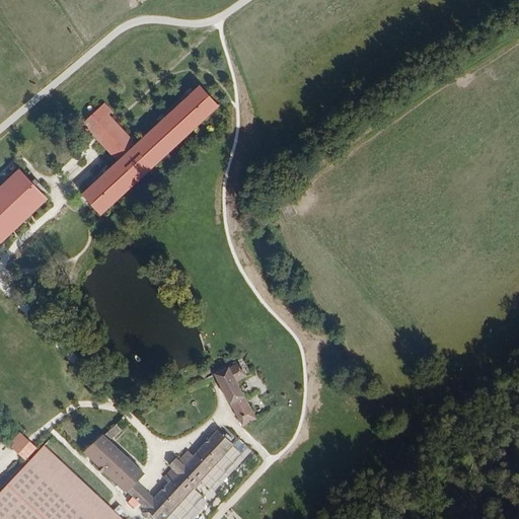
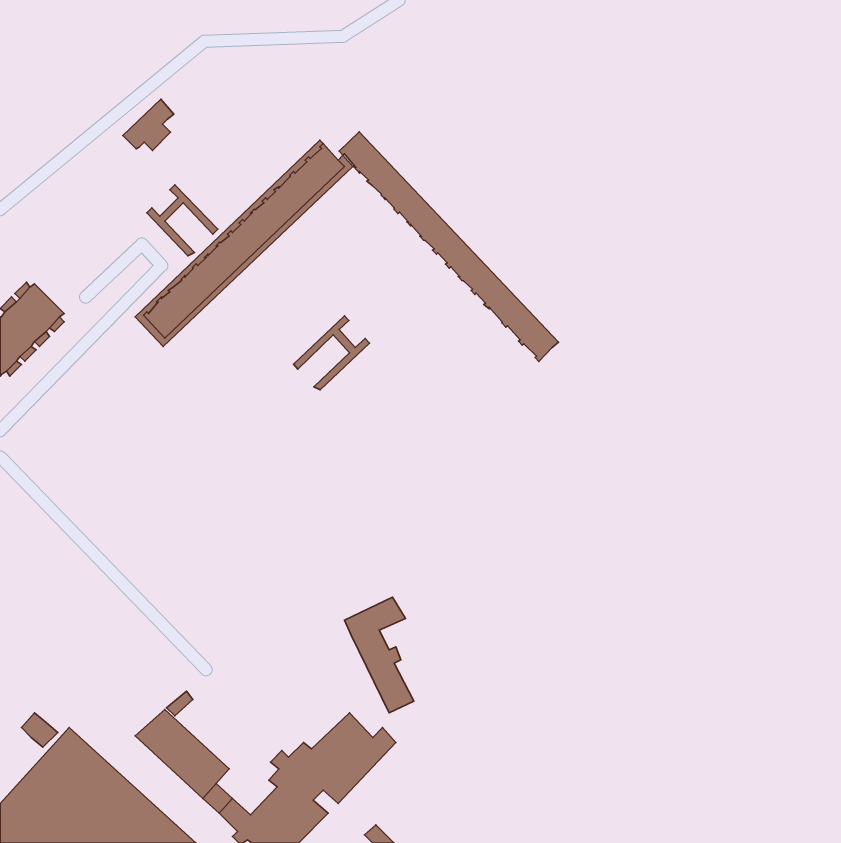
building: none -> [339,132,558,362]
building: [81,101,113,133] -> [123,99,174,150]
building: [102,125,132,155] -> none
building: none -> [293,316,369,390]

